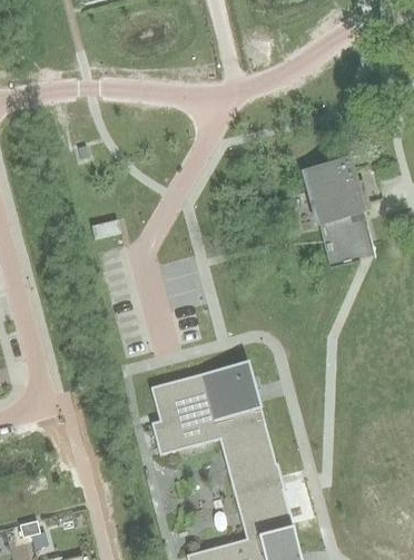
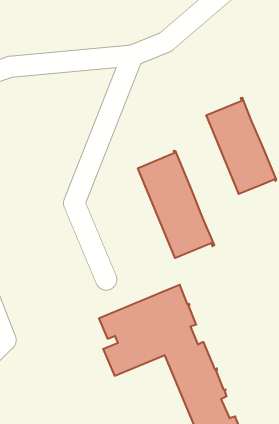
building: none -> [138,151,214,258]

